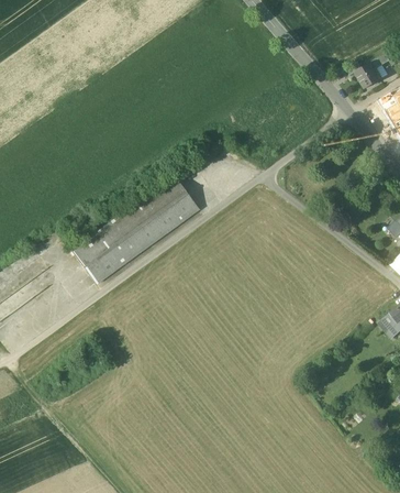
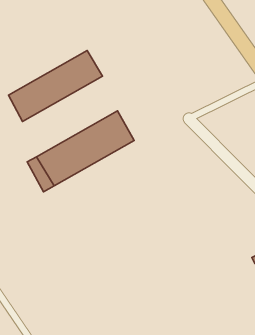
building: none -> [9,50,102,122]

